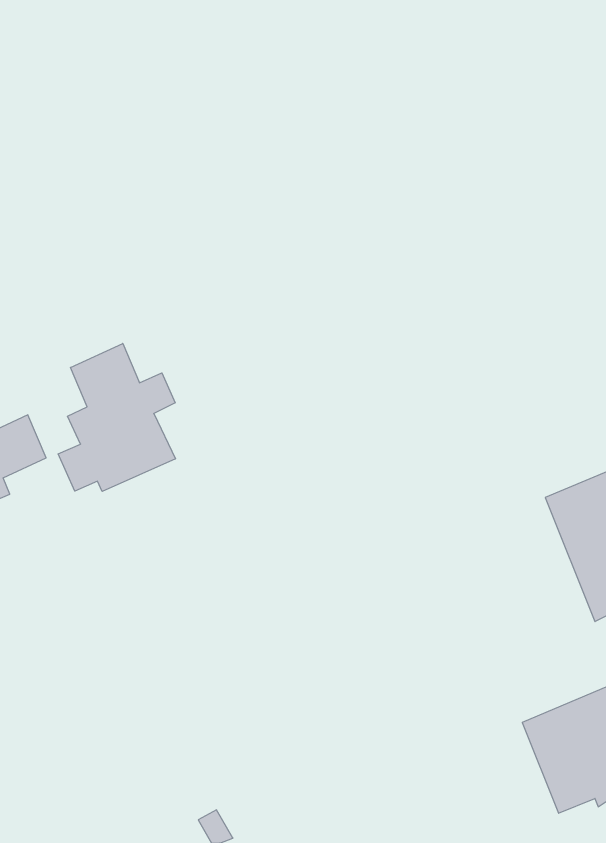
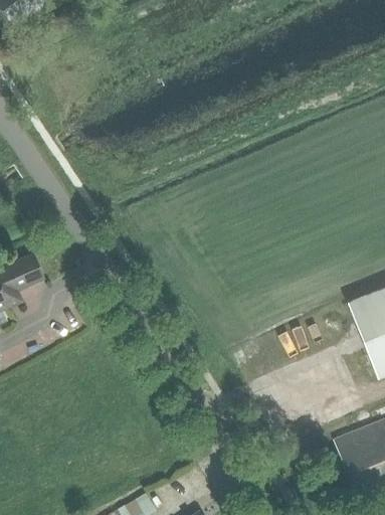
building: [58,343,175,491] -> none

